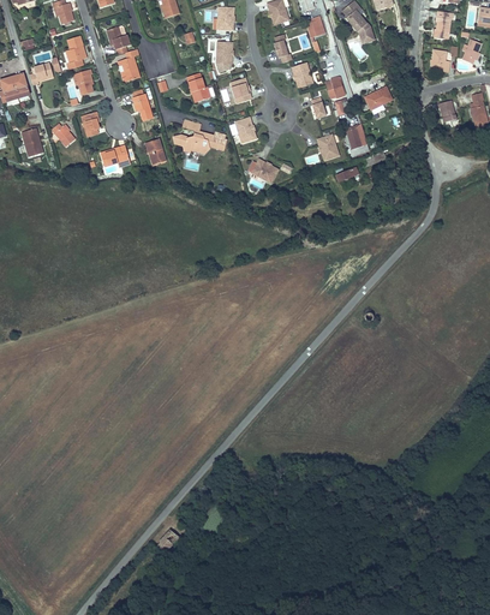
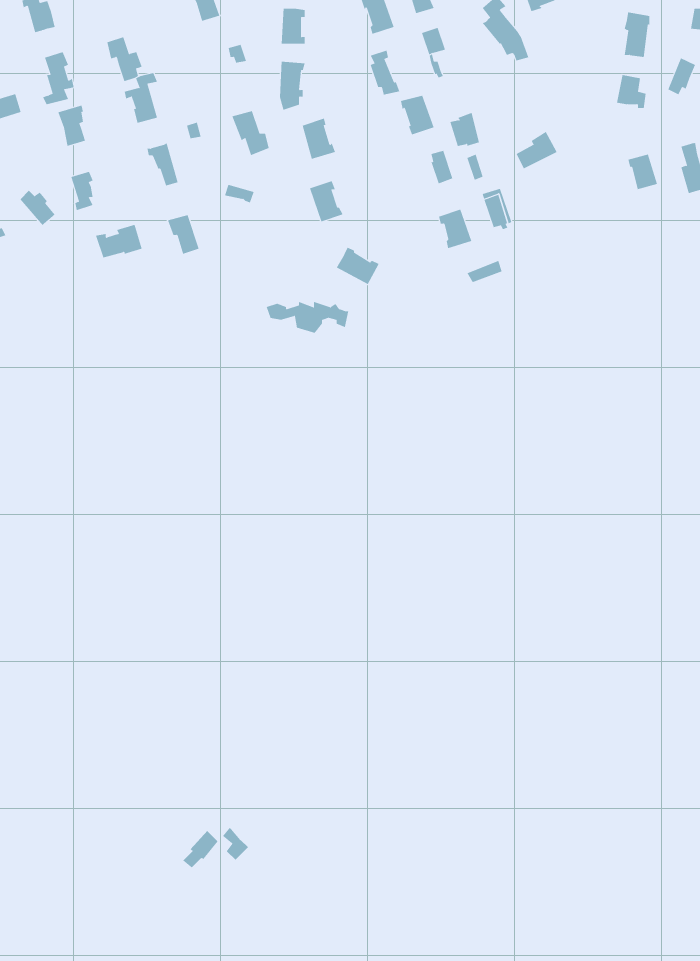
building: [173,132,226,153] -> [266,301,349,333]

